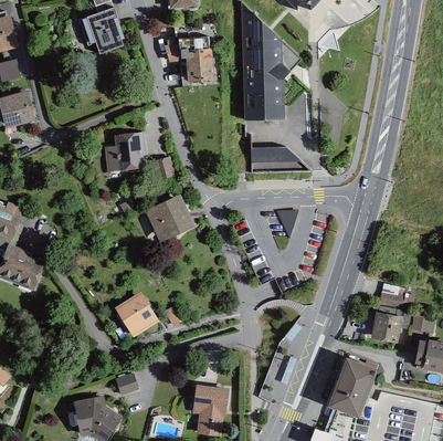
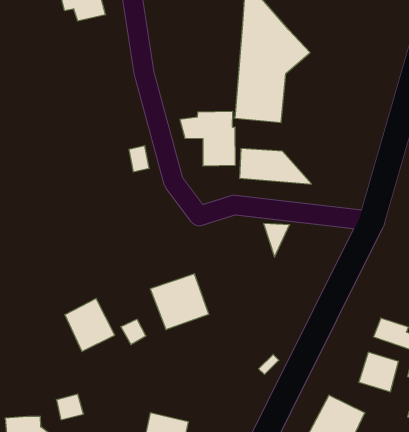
building: [164,35,214,84] -> [180,112,235,166]
building: [104,132,148,172] -> none
building: [144,195,196,244] -> [150,274,209,330]

